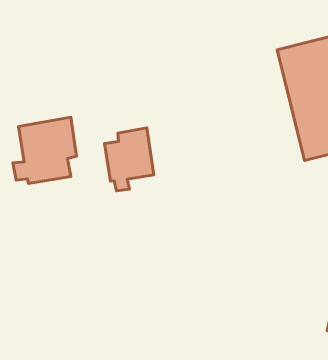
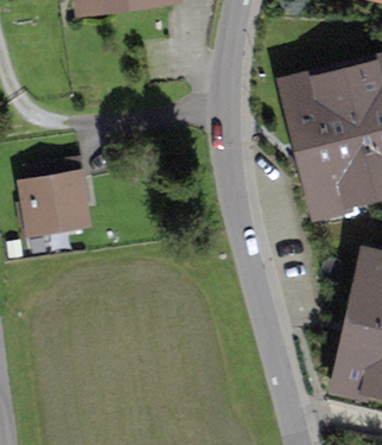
building: [105,128,154,191] -> none

